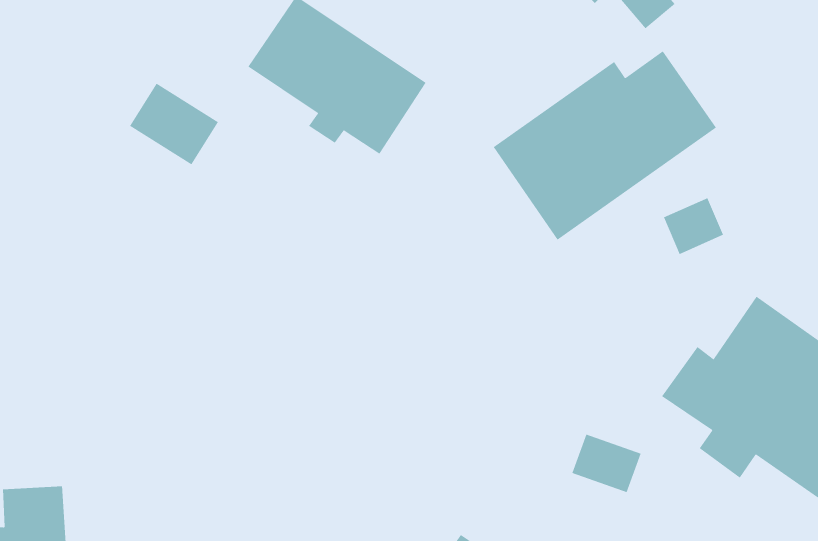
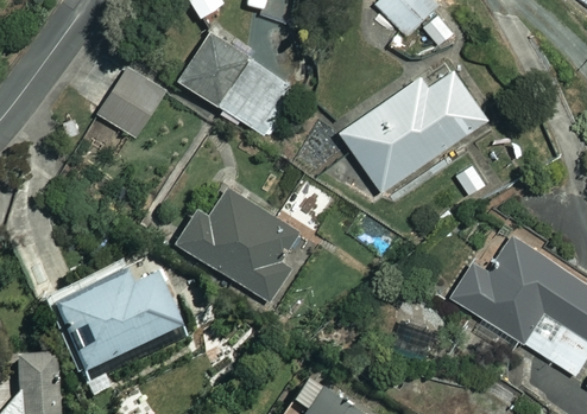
building: none -> [176,186,299,301]
building: none -> [49,259,181,372]

